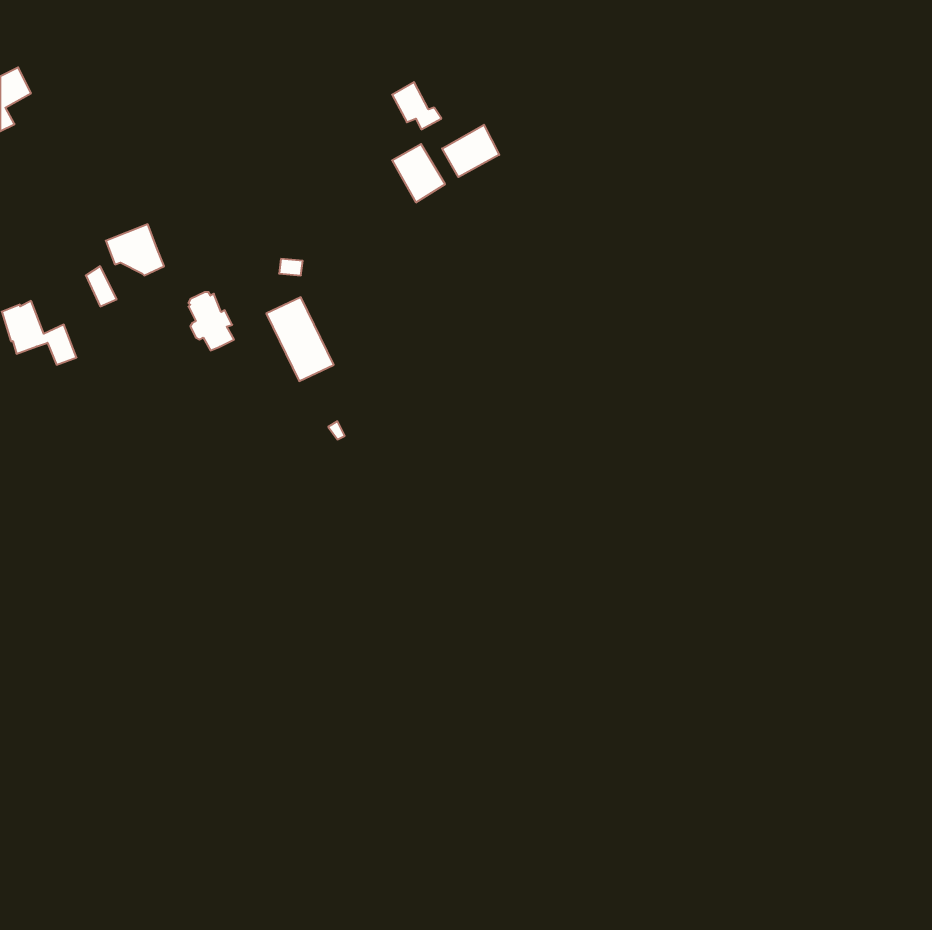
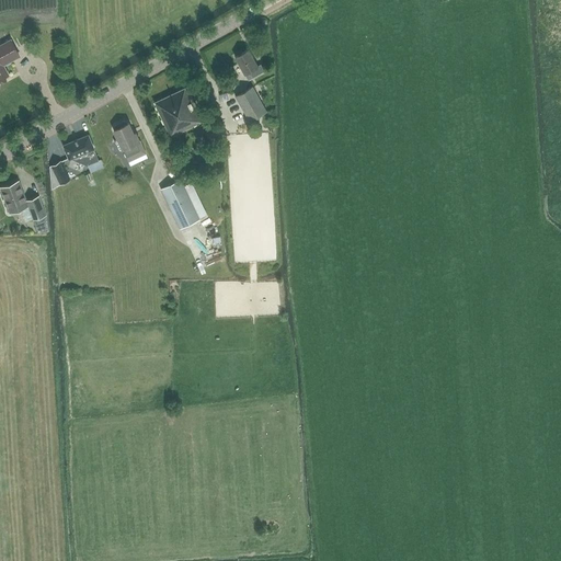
building: [442,125,499,177] -> none
building: none -> [154,88,204,138]
building: [188,292,234,350] -> [114,123,141,158]

